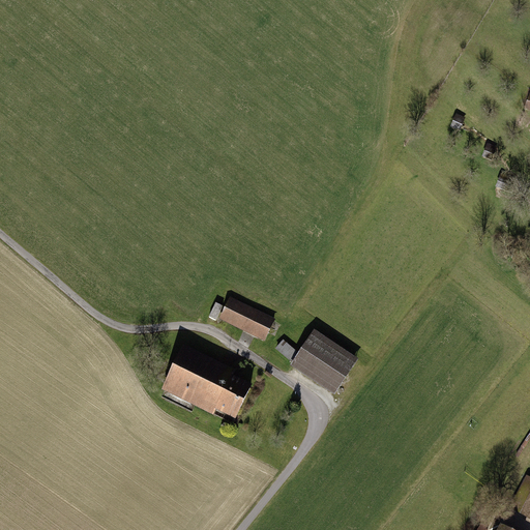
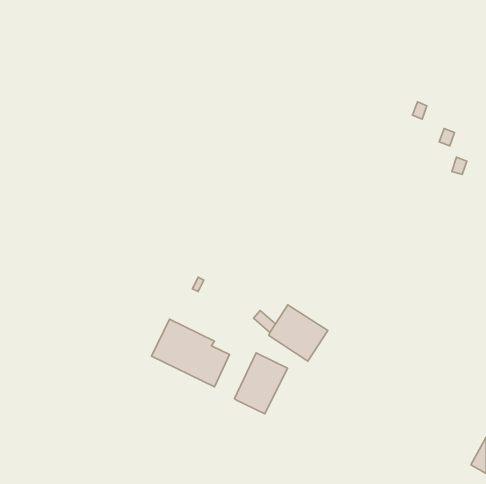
building: [222,298,272,336] -> none
building: none -> [234,353,287,414]

